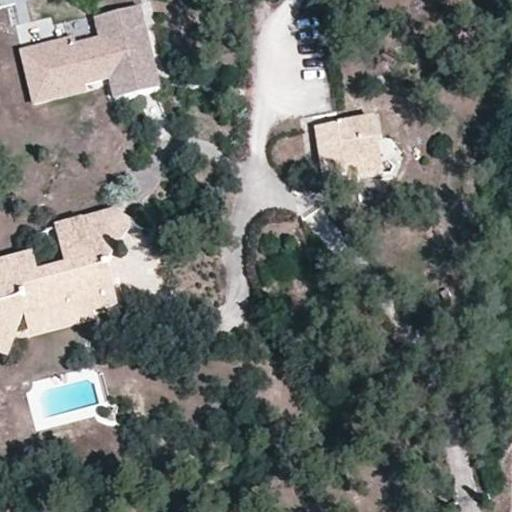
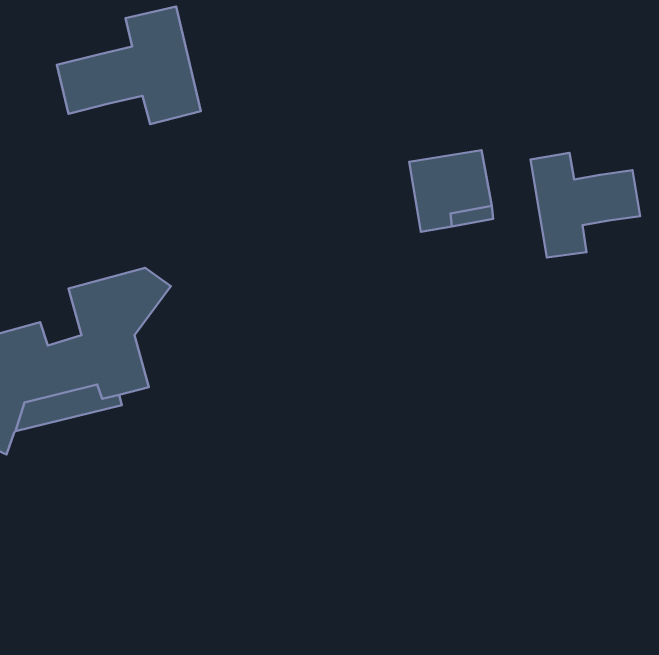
building: [23,35,86,99] -> none
building: none -> [531,153,640,258]

